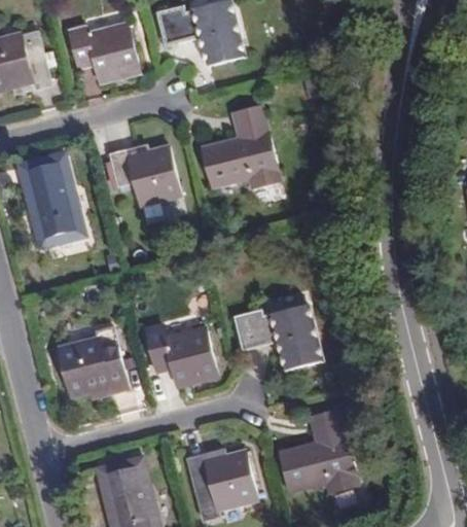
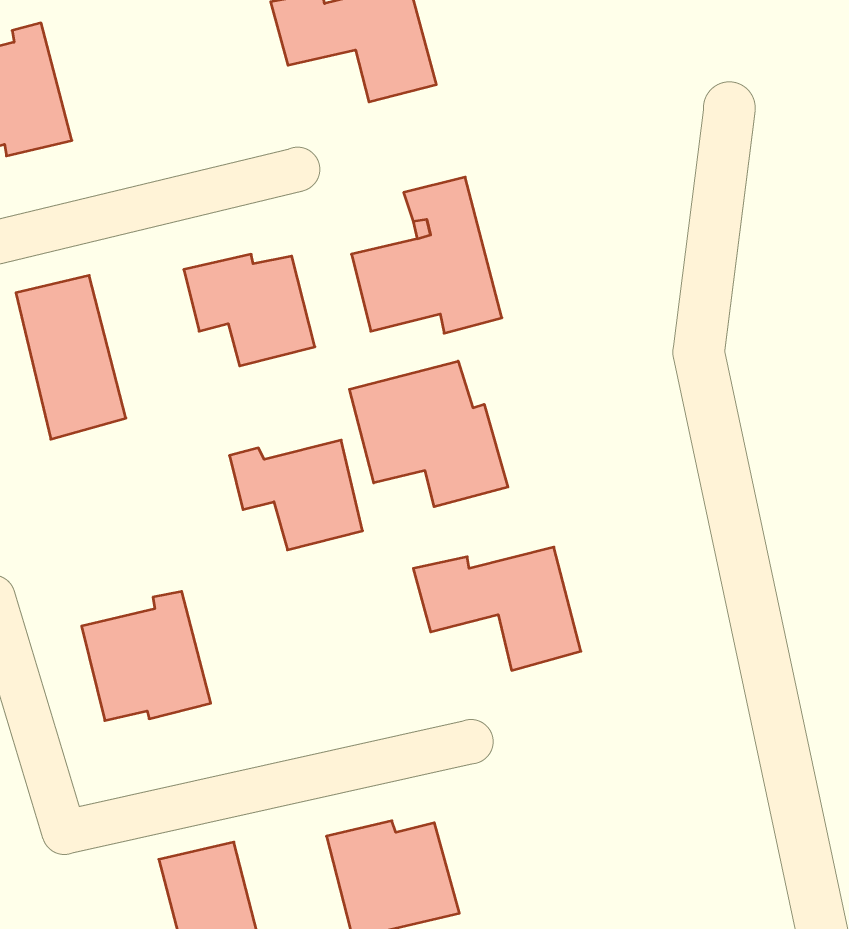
building: [71,27,139,84] -> none
building: none -> [349,361,508,507]
building: [147,326,218,385] -> [229,440,363,550]
building: [280,409,361,492] -> none

